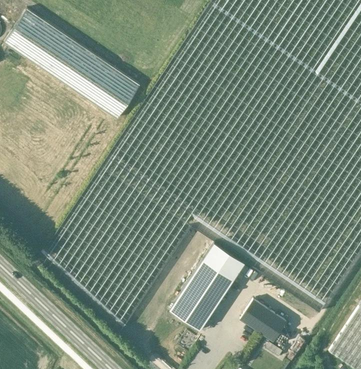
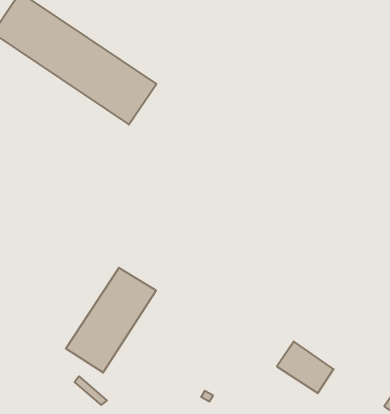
building: [170,242,245,329] -> [66,268,156,373]

